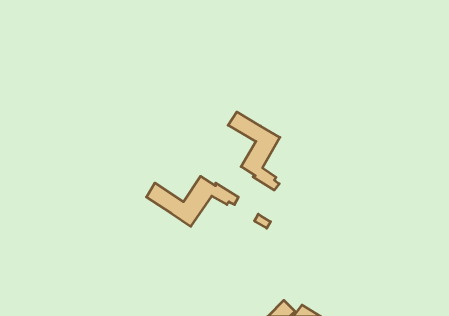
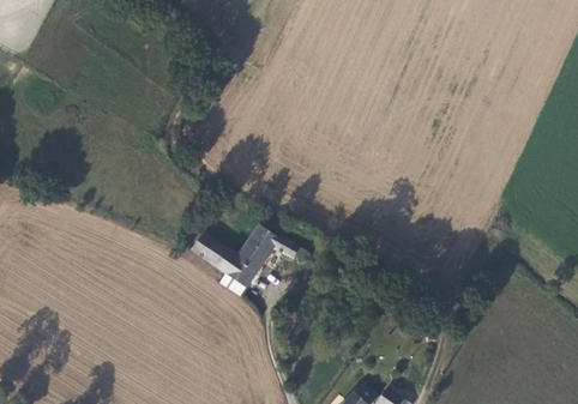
building: [228,112,280,190] -> none

